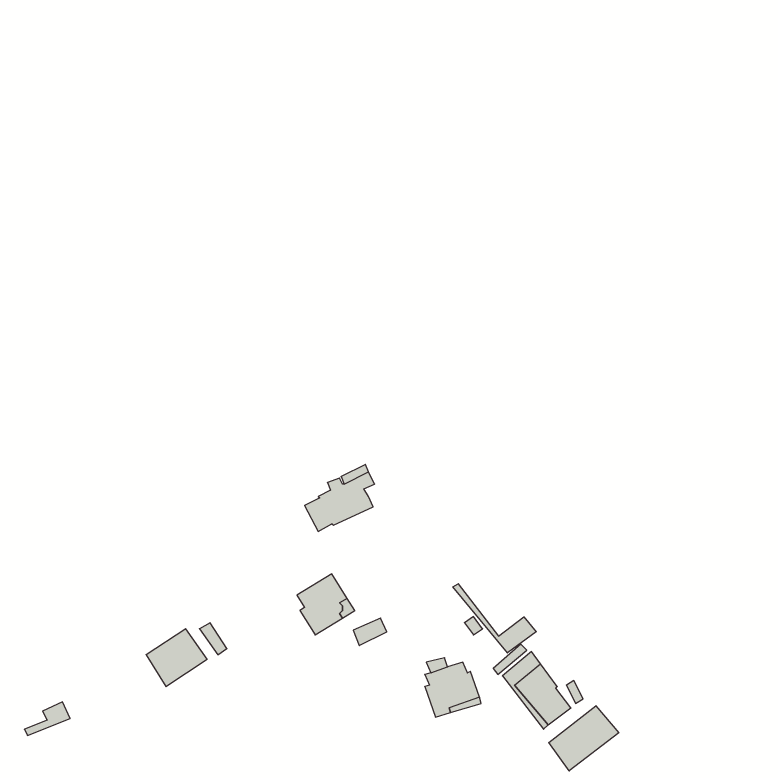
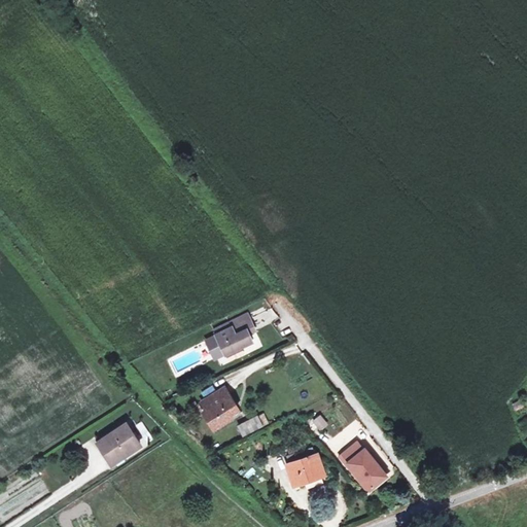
building: [453,584,536,653] -> none
building: [549,706,619,771] -> none

